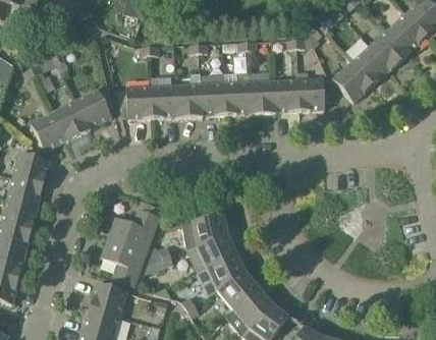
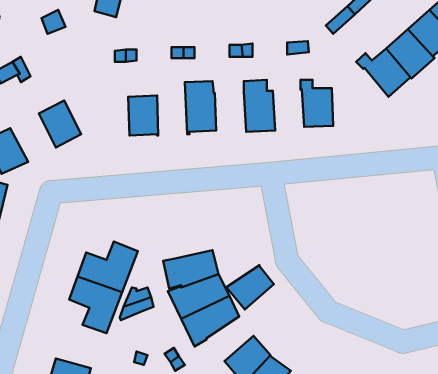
building: [332,61,372,102] -> none
building: [225,72,252,115] -> none
building: [176,73,202,118] -> none
building: [274,79,301,114] -> none
building: [126,86,153,119] -> none
building: [52,100,92,141] -> none
building: [218,271,258,308] -> [227,265,274,310]
building: [91,283,127,315] -> none

